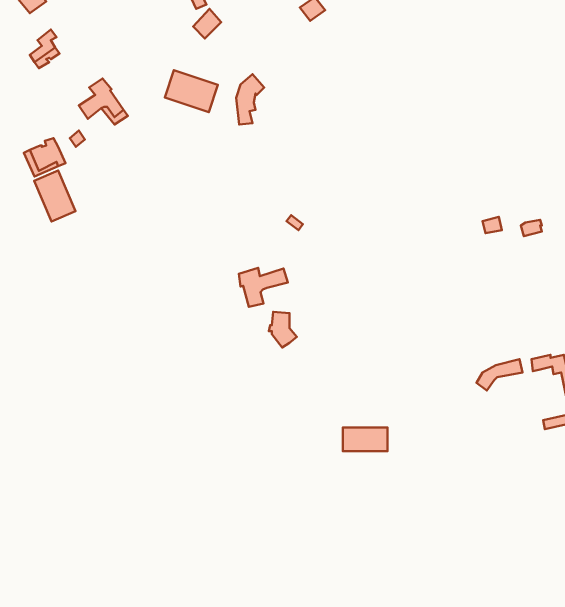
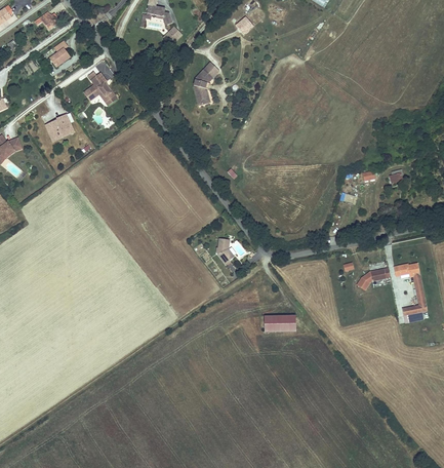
building: [165,70,218,112] -> none
building: [34,171,75,221] -> none
building: [239,268,288,307] -> none

